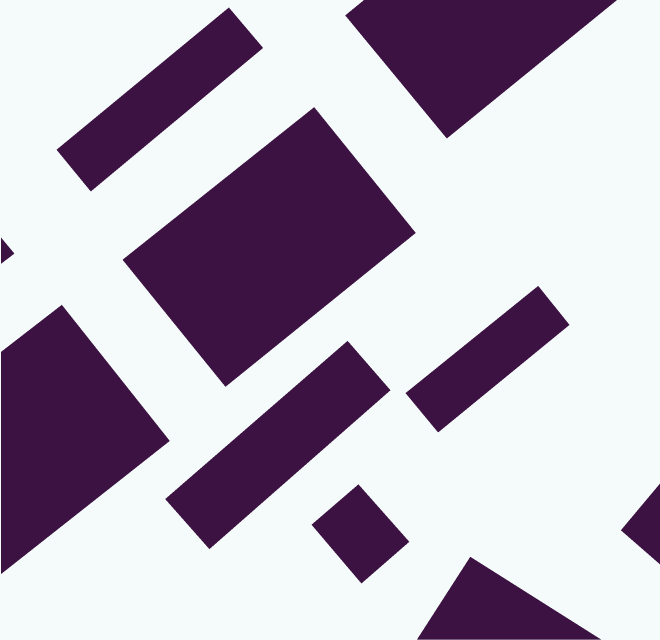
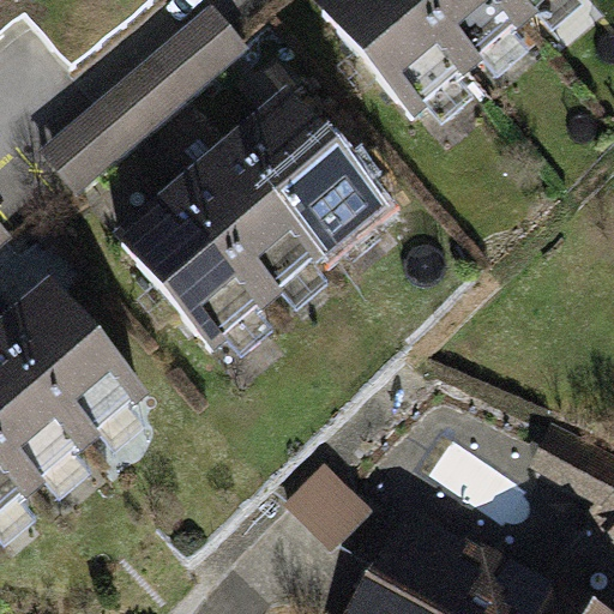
building: [405,285,571,434] -> none
building: [164,340,391,550] -> none

